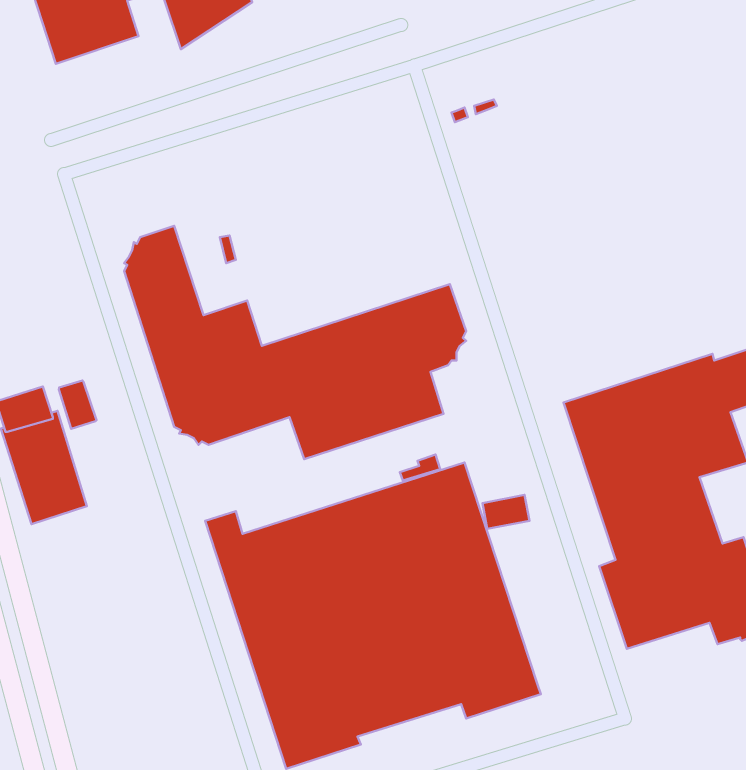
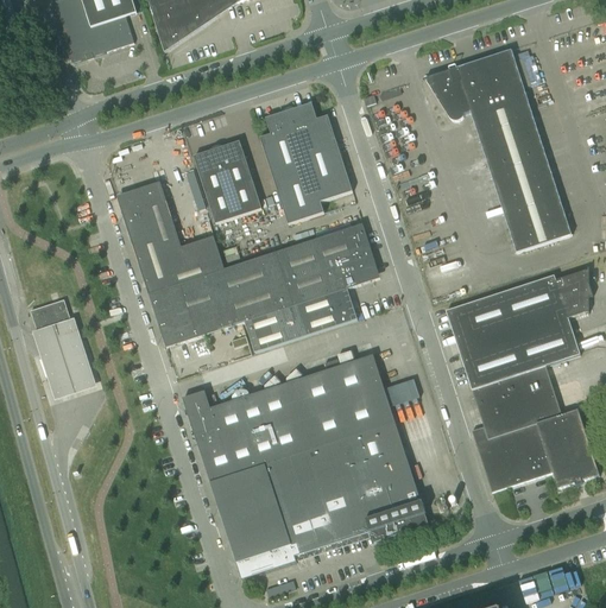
building: none -> [424,49,570,252]
building: none -> [259,102,352,223]
building: none -> [192,140,260,223]
building: [59,381,97,429] -> none

